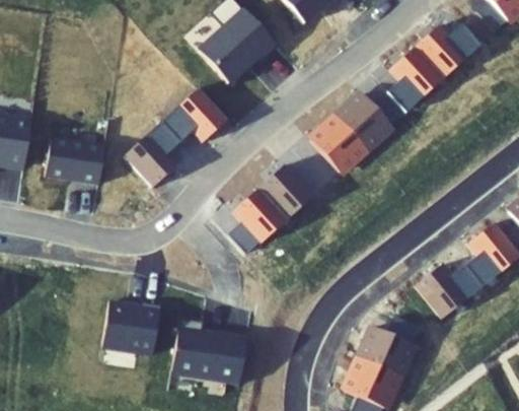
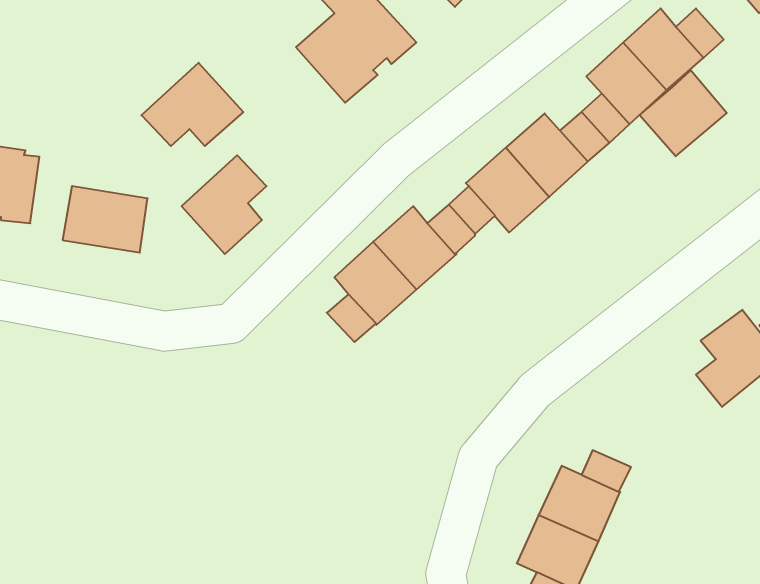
building: none -> [640,70,727,156]
building: [161,87,228,142] -> [141,63,243,146]
building: [413,265,479,319] -> none
building: [102,301,160,356] -> none
building: [171,321,246,385] -> none

